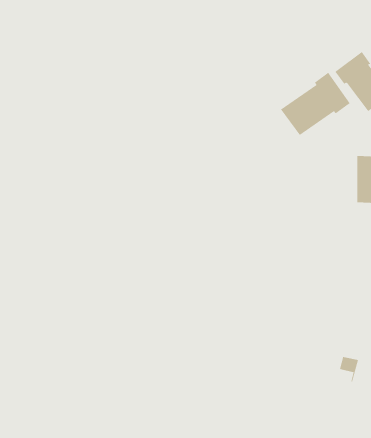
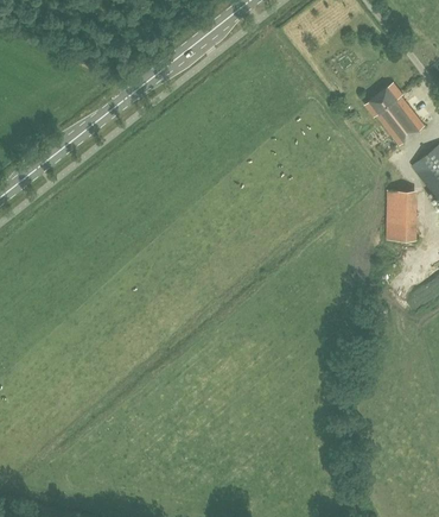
building: [280,72,351,136] -> none

